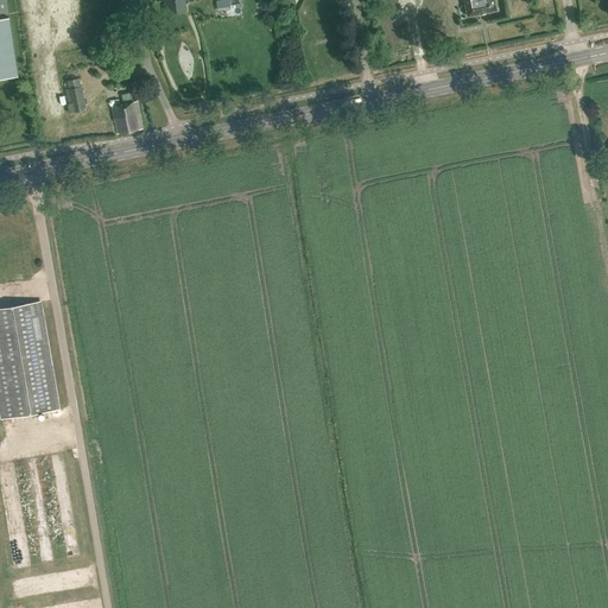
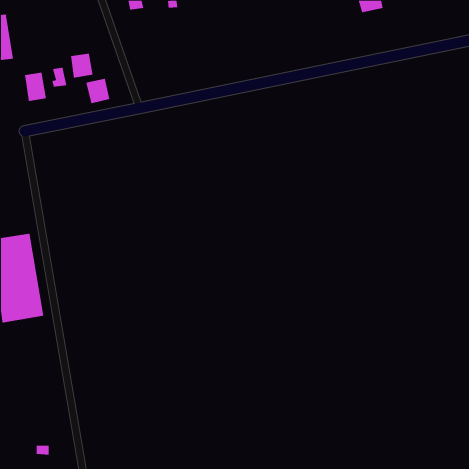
building: none -> [70,53,93,78]
building: none -> [24,72,46,102]

